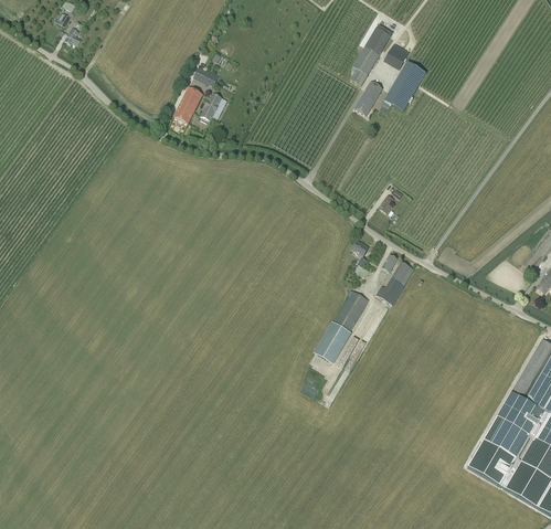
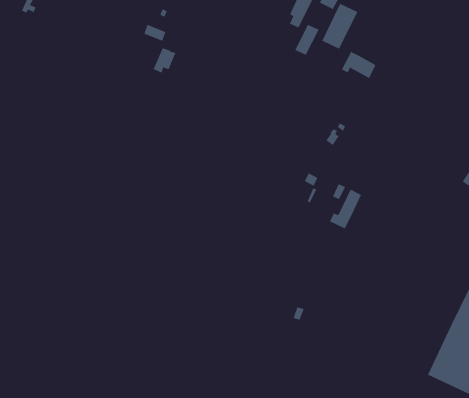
building: [174,86,203,123] -> none
building: none -> [341,51,376,79]
building: [316,289,369,362] -> none

